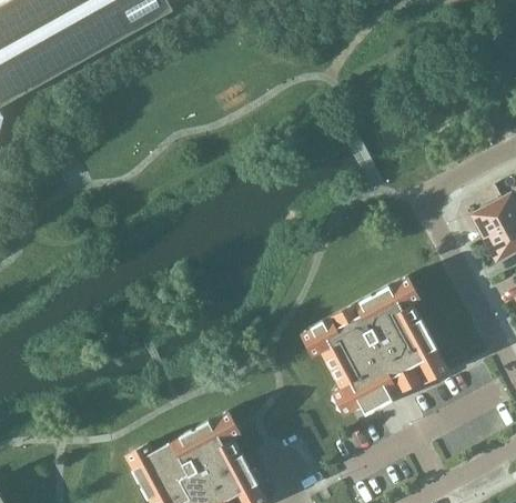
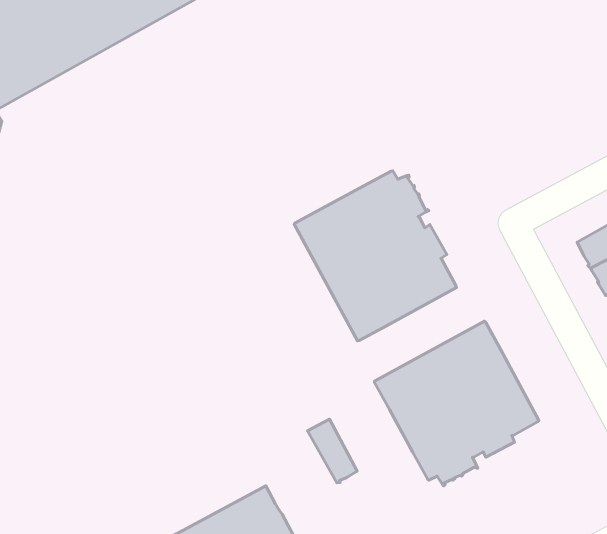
building: none -> [294,171,456,341]
building: none -> [308,419,357,483]

